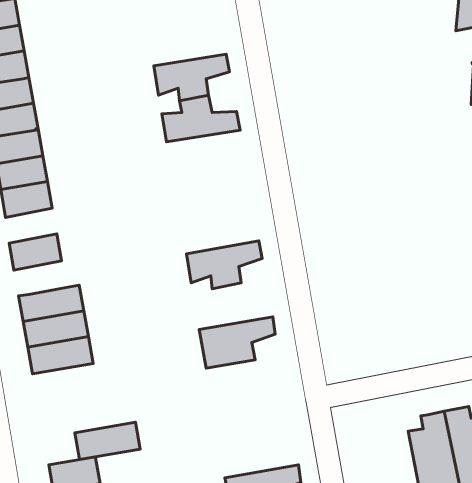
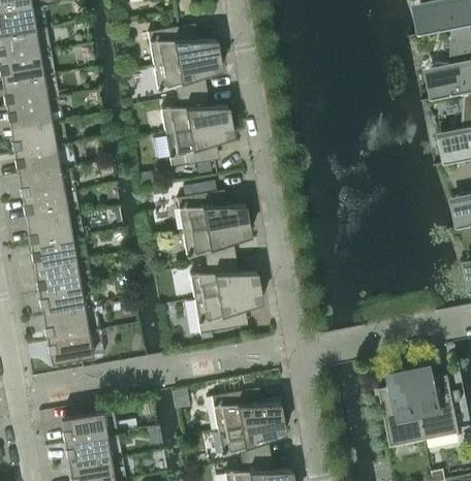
building: none -> [148,24,218,65]
building: none -> [165,122,232,166]
building: none -> [177,181,247,231]
building: none -> [23,191,68,222]
building: none -> [30,237,76,268]
building: none -> [190,257,259,298]
building: [75,422,140,460] -> [46,328,104,361]
building: none -> [212,387,282,429]

